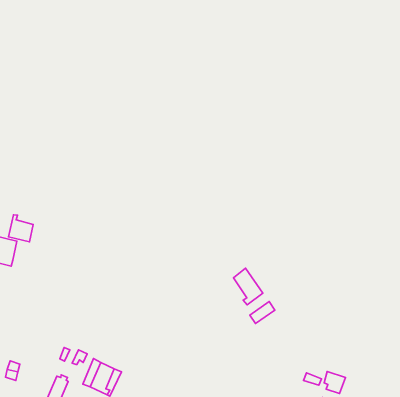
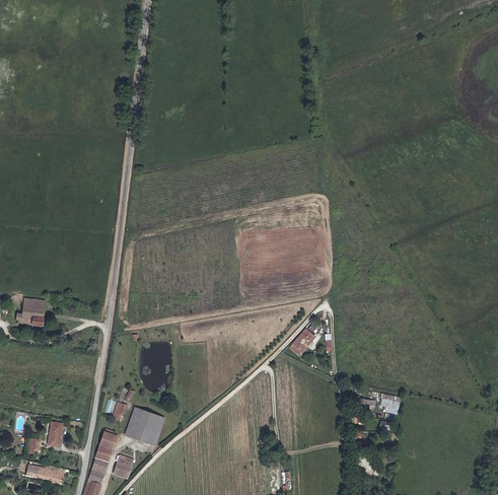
building: [8,215,33,242] -> none
building: [233,268,263,305] -> none

